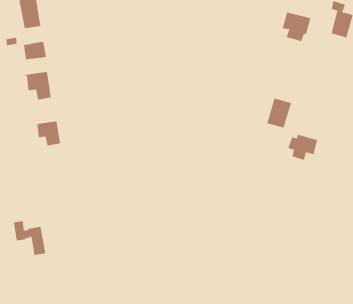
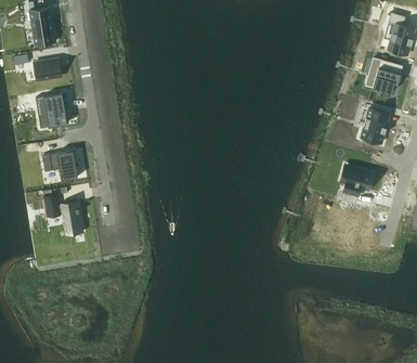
building: [282,12,311,42] -> [368,57,402,92]
building: [266,98,292,128] -> [361,108,390,143]
building: [12,221,46,255] -> [43,194,82,234]

